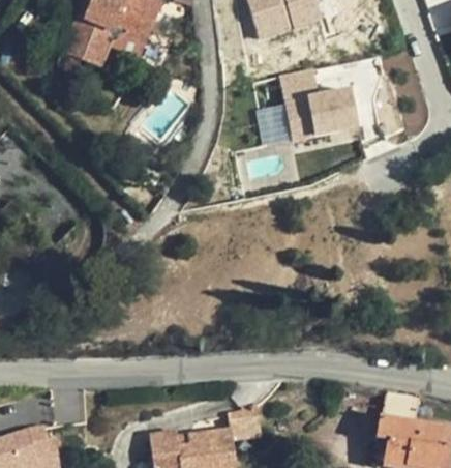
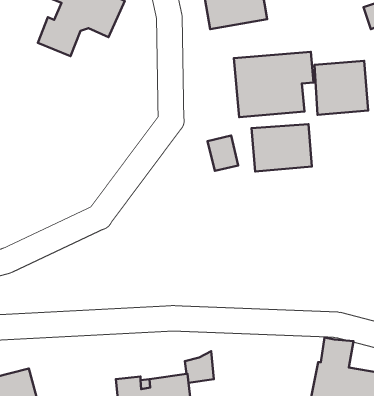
building: none -> [314,61,368,115]
building: [258,104,293,144] -> [207,136,238,171]
building: none -> [252,124,312,171]

